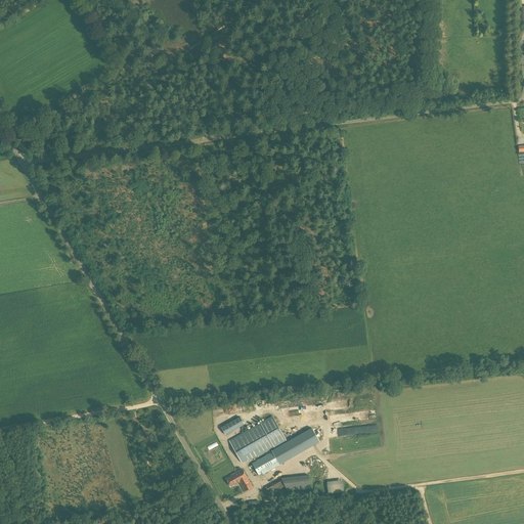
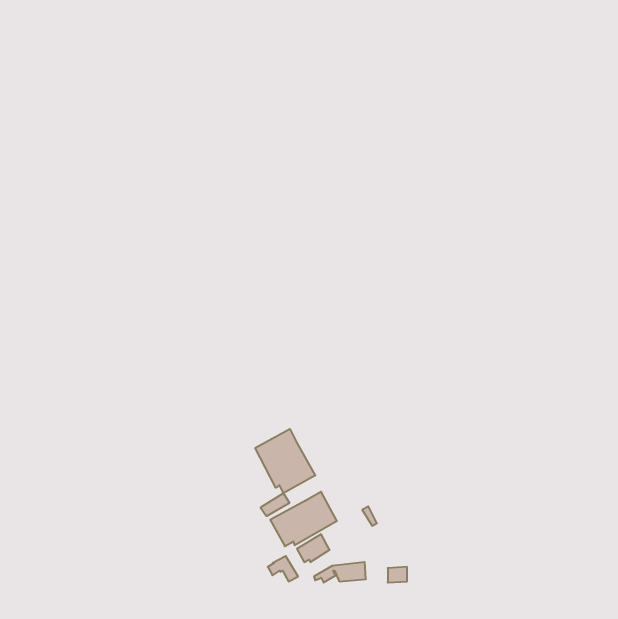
building: none -> [255,429,315,493]
building: [270,432,311,465] -> none

